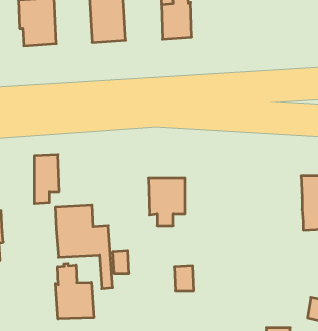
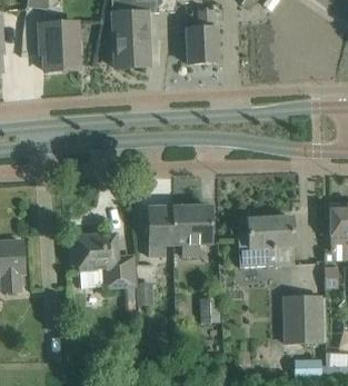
building: [34,155,59,204] -> [149,206,175,256]
building: none -> [238,216,295,266]
building: [55,264,94,319] -> none
building: none -> [285,295,321,343]

